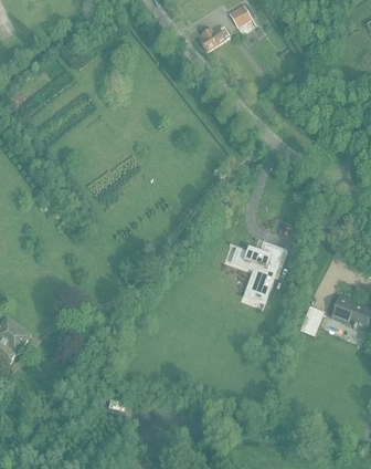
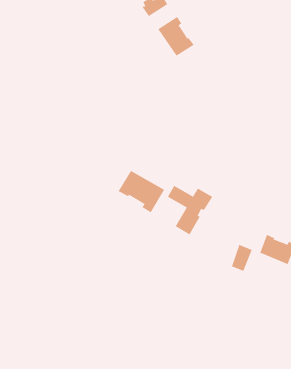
building: none -> [158,16,194,57]
building: none -> [118,170,165,213]

